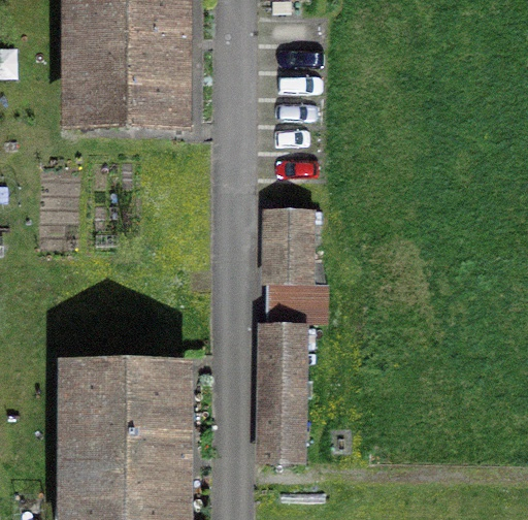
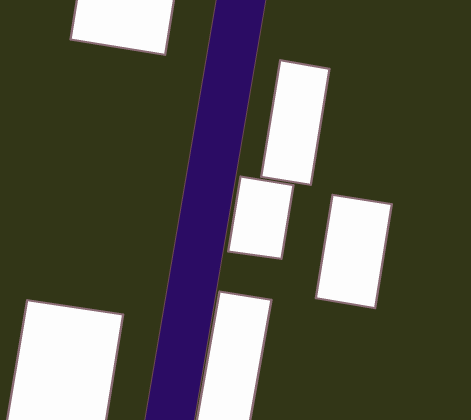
building: none -> [261,60,330,185]
building: none -> [316,195,392,308]

